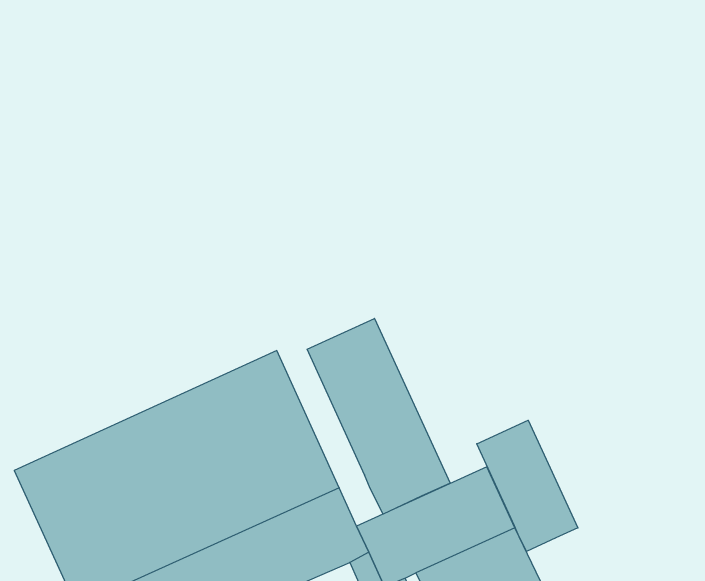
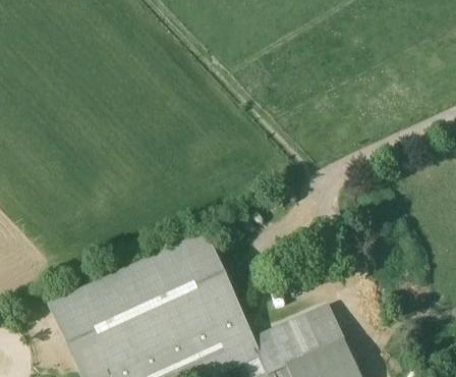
building: [307,318,450,514] -> none
building: [477,420,578,551] -> none

